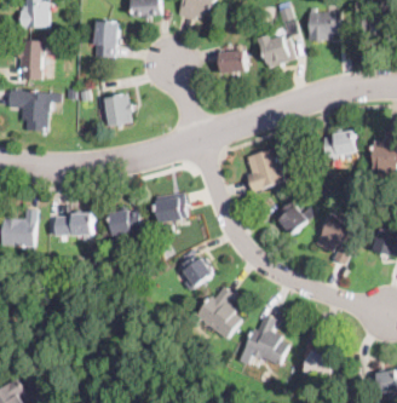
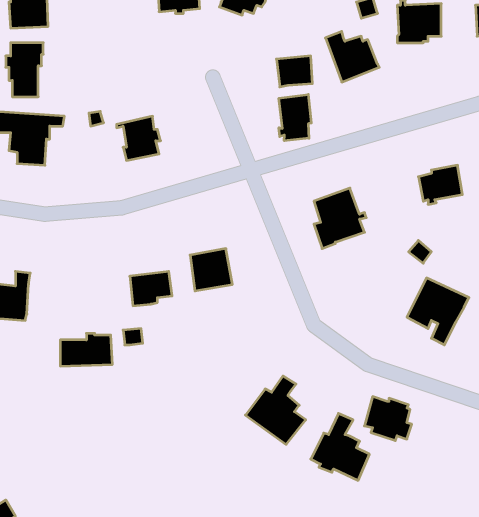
building: [93,21,120,57] -> none
building: none -> [279,94,311,141]
building: [275,203,315,234] -> none
building: [53,212,92,236] -> [60,333,112,366]
building: [182,255,212,290] -> none
building: [303,350,338,382] -> [364,397,412,441]

